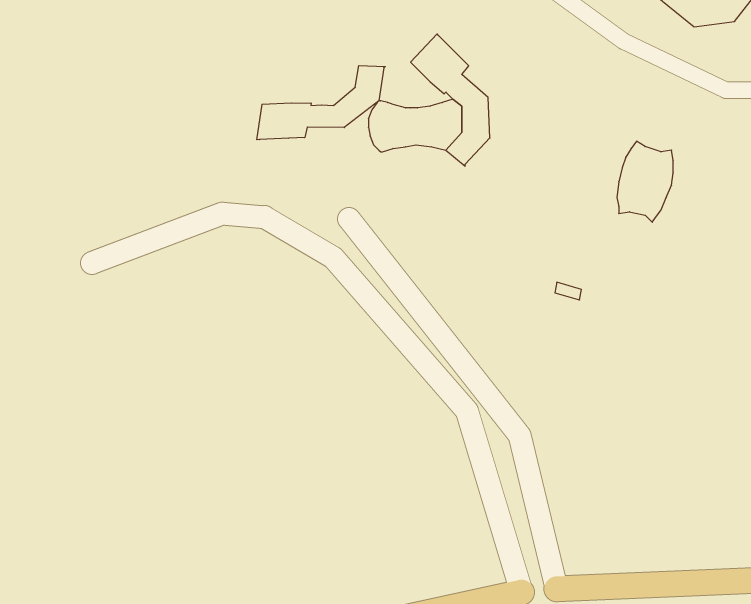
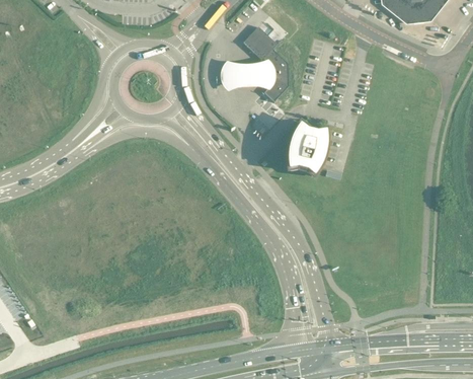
building: [257,66,385,140] -> none
building: [617,141,673,222] -> [291,127,323,173]

